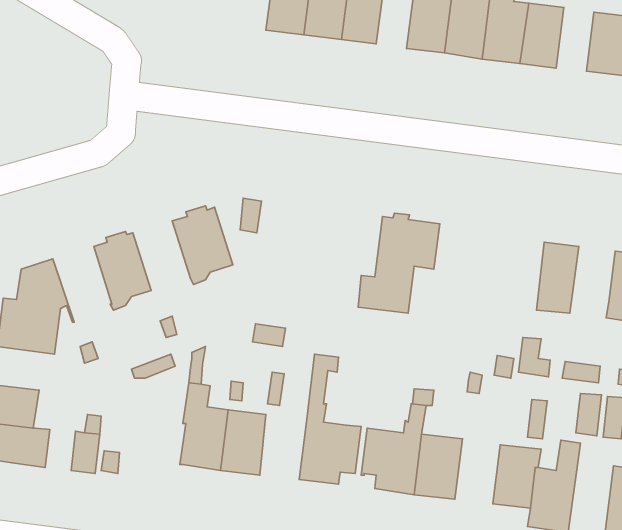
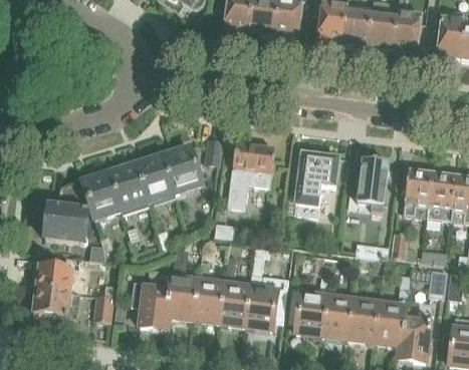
building: none -> [228,143,275,209]
building: none -> [136,153,174,206]
building: none -> [356,159,390,214]
building: none -> [82,170,122,223]
building: none -> [426,172,456,220]
building: none -> [132,283,171,330]
building: none -> [220,284,251,327]
building: none -> [349,300,380,343]

